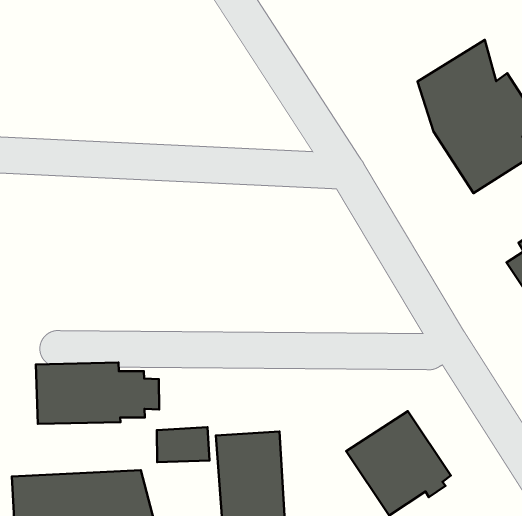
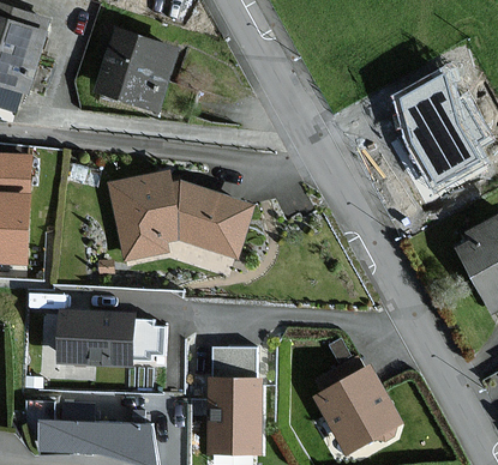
building: none -> [98,29,175,109]
building: none -> [109,171,252,262]
building: [157,427,209,462] -> [211,339,254,367]

